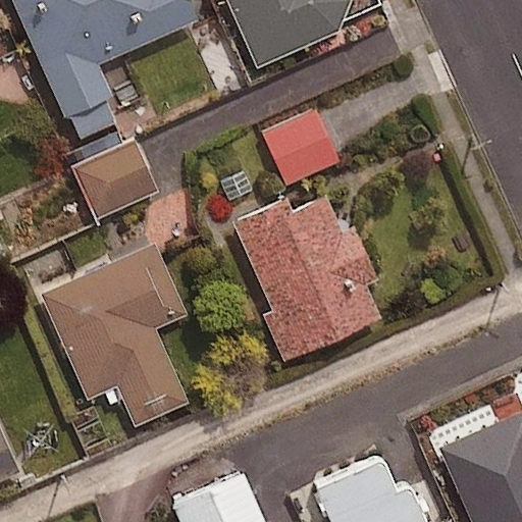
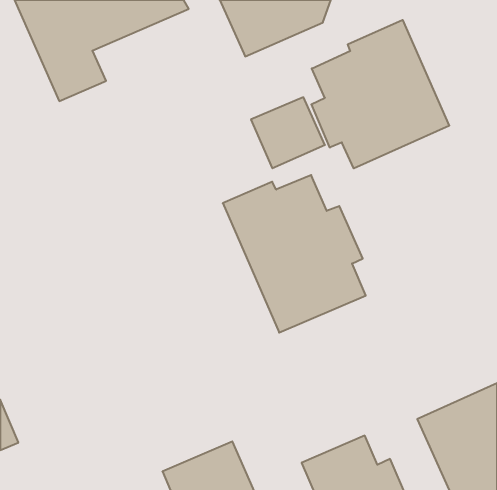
building: none -> [311,20,449,168]
building: [74,142,156,217] -> none
building: [39,241,188,424] -> none

